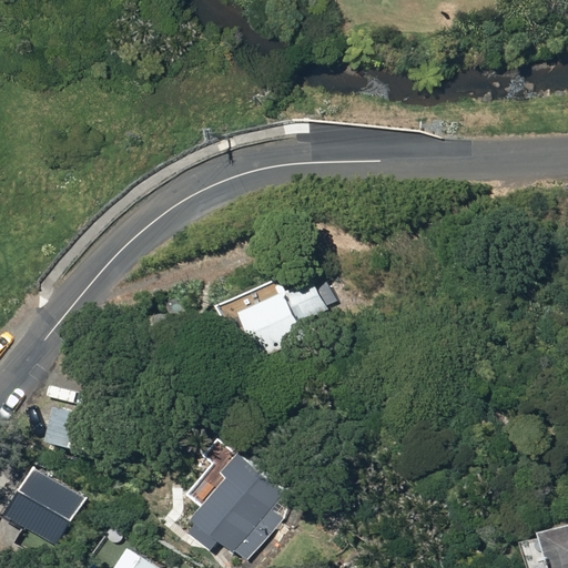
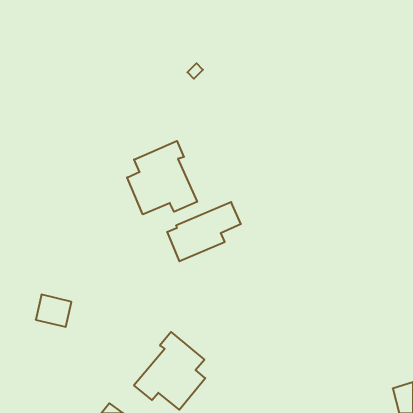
building: none -> [127,141,197,214]
building: [7,469,82,542] -> none

